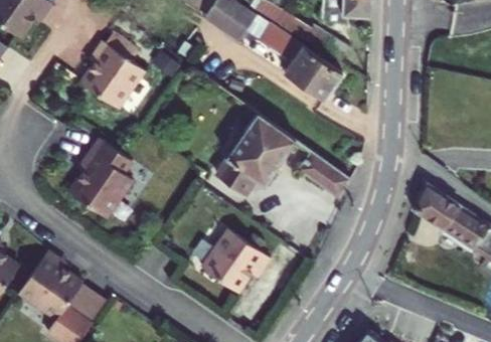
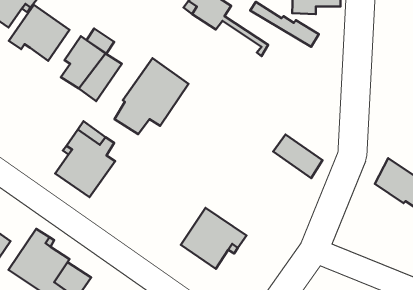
building: none -> [9,5,70,61]
building: [250,16,345,100] -> none
building: [219,114,298,194] -> [114,58,189,134]

